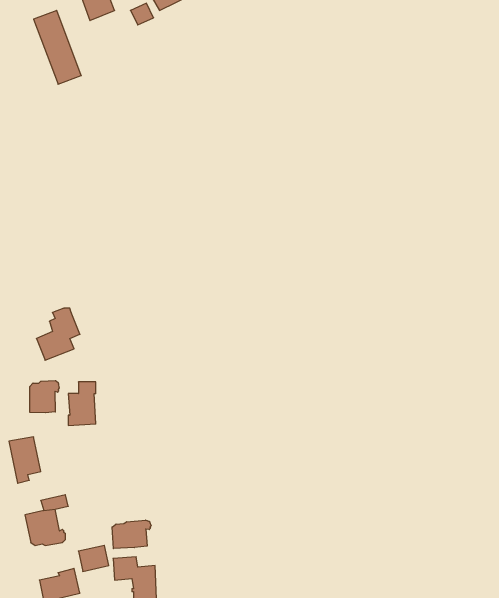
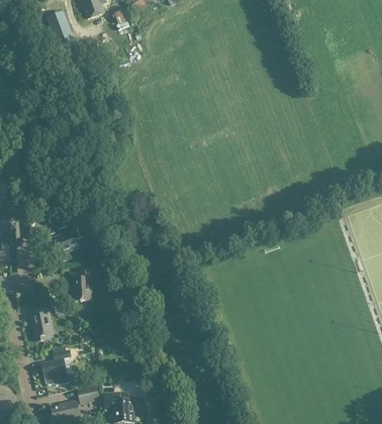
building: [30,381,59,413] -> none
building: [112,520,151,549] -> none

